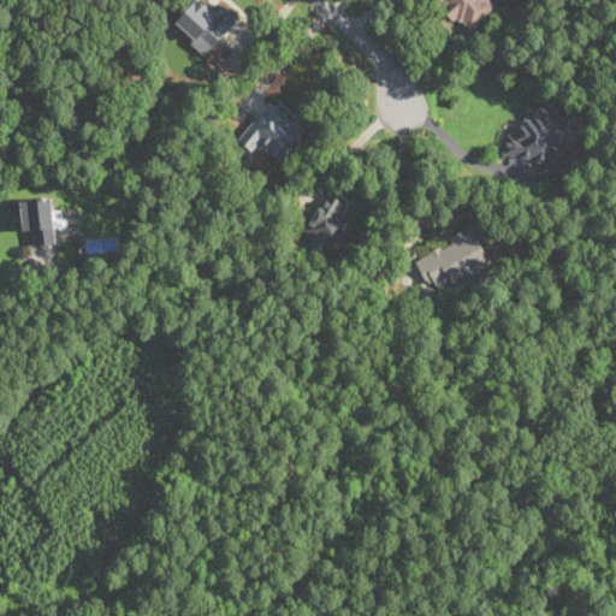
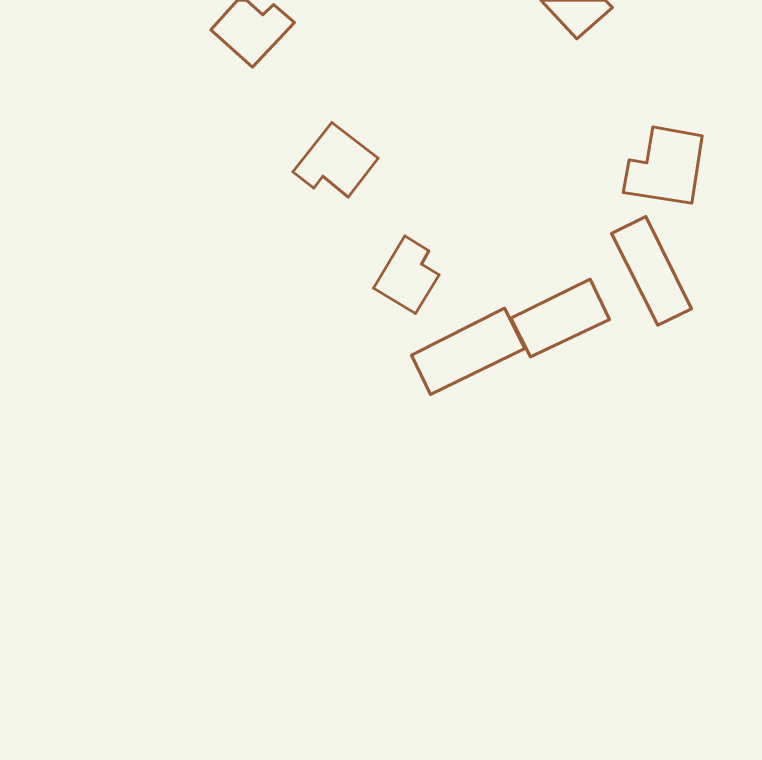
building: none -> [612,216,691,325]
building: [18,199,63,247] -> none
building: none -> [411,308,525,395]

